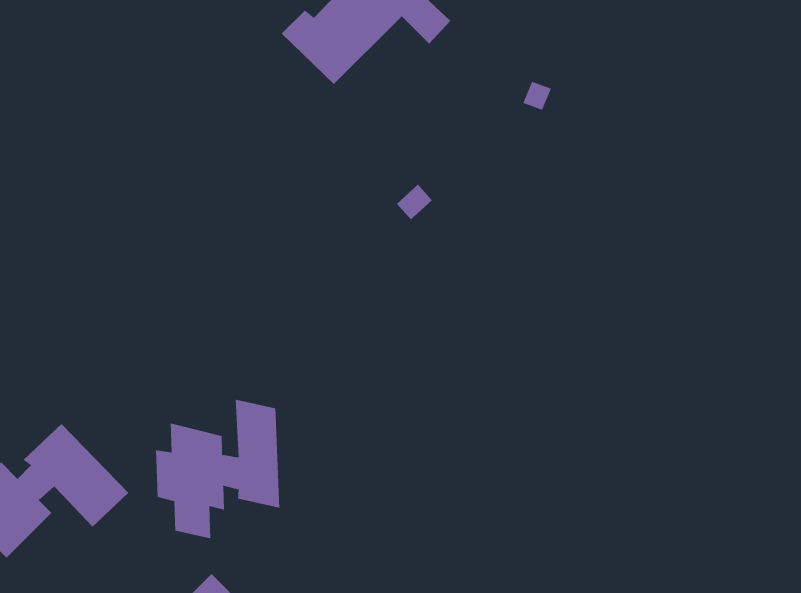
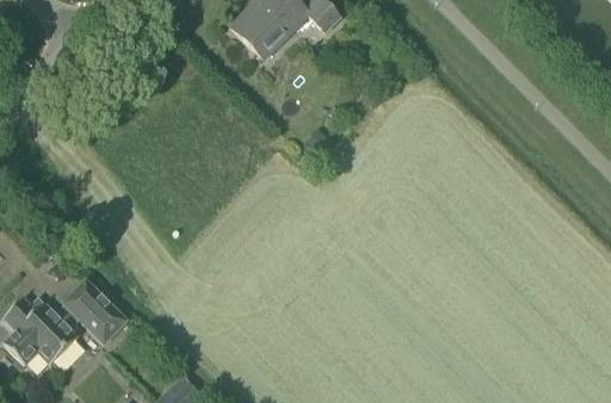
building: [156,399,280,539] -> none

